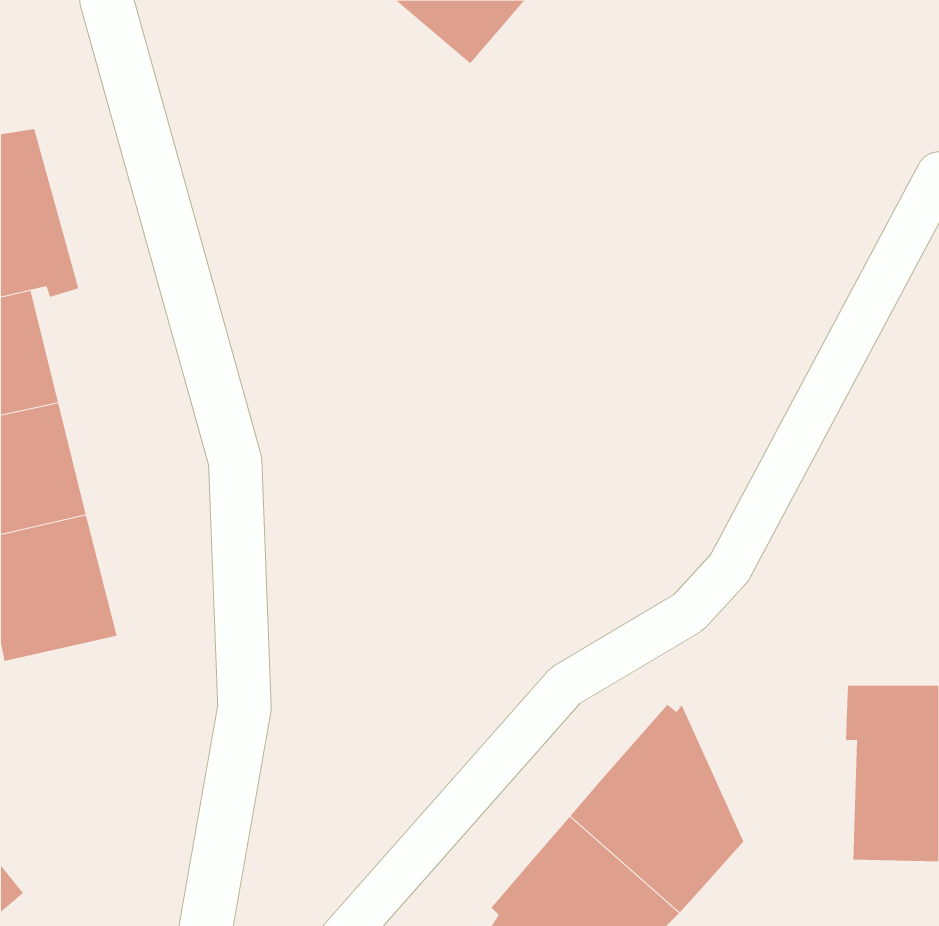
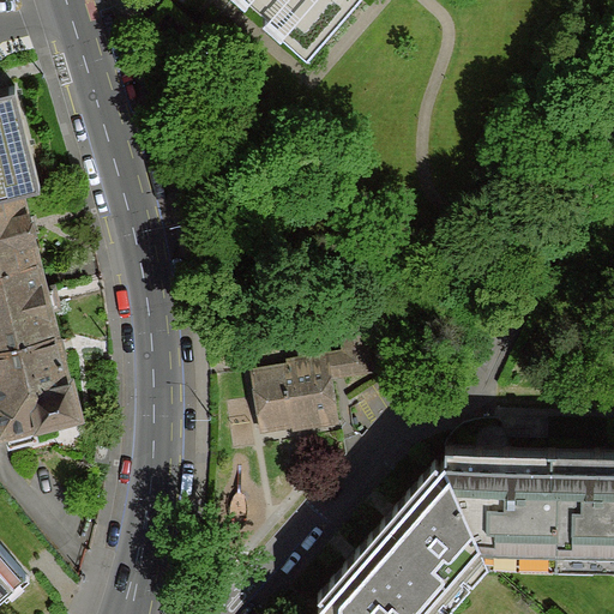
building: none -> [254,323,371,438]
building: none -> [445,453,559,570]

